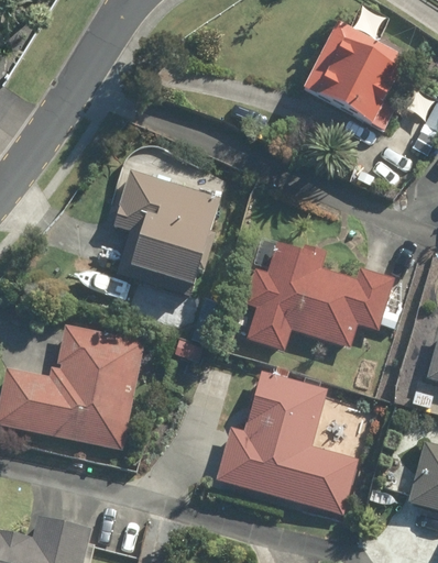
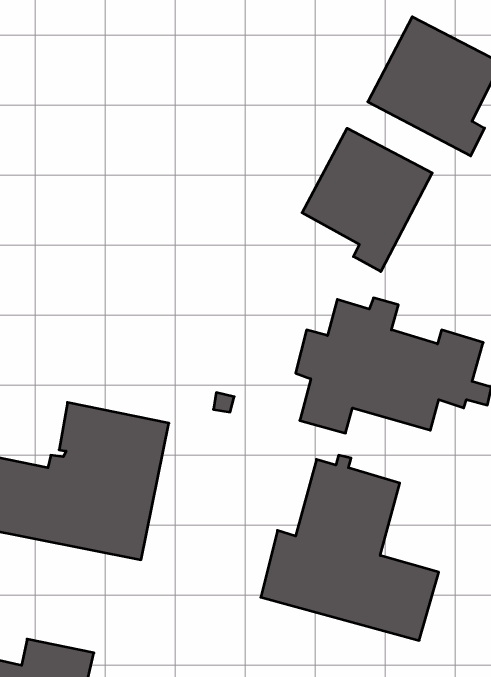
building: none -> [302,128,432,272]
building: [113,169,221,296] -> none

